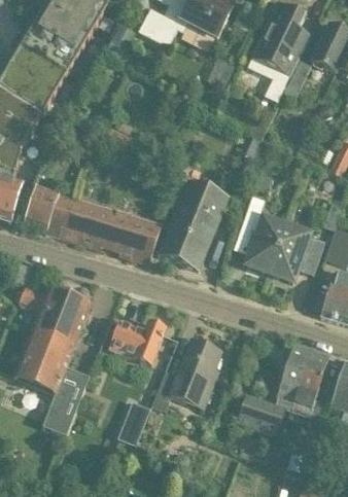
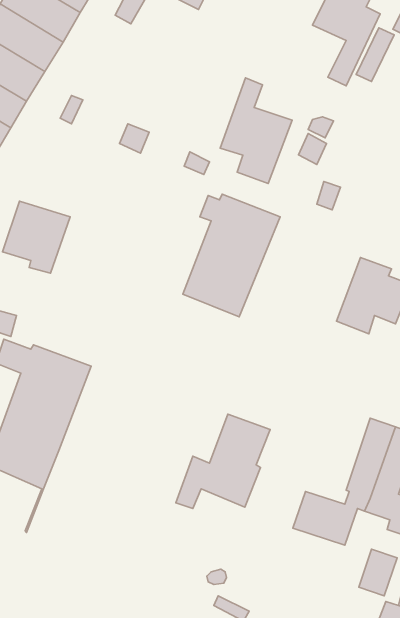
building: [235,194,287,272] -> [220,78,292,183]
building: [61,196,162,262] -> none
building: [110,319,165,364] -> none
building: [43,366,90,434] -> none
building: [118,400,150,445] -> none

